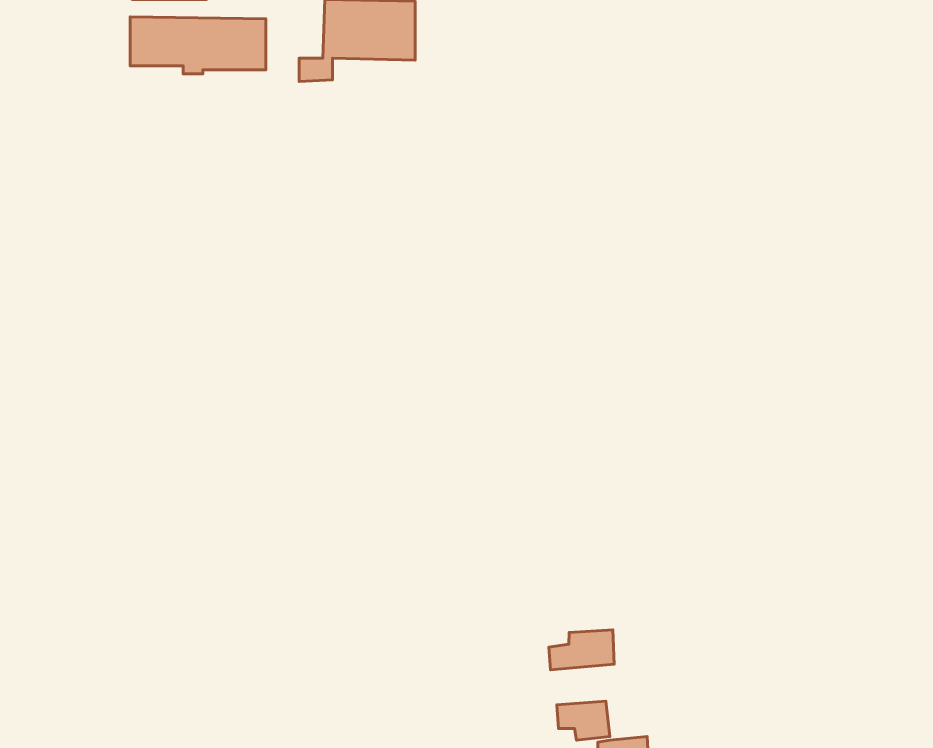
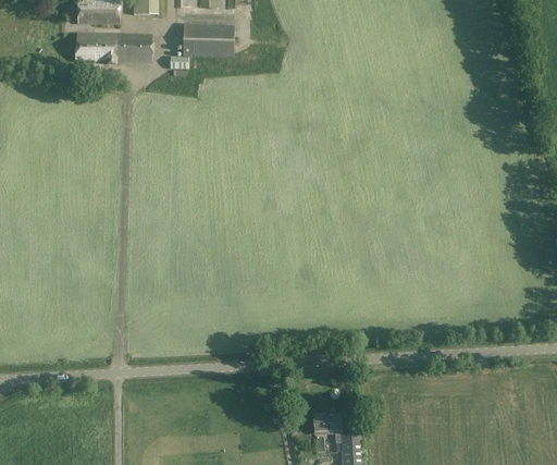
building: [549,630,614,670] -> none

